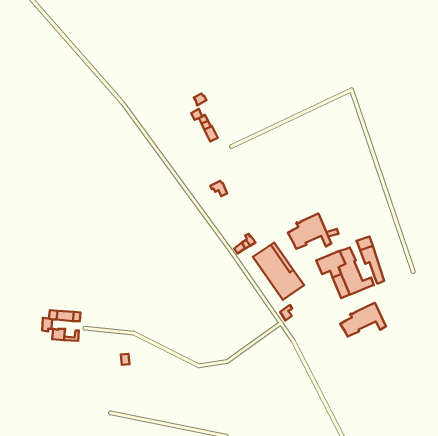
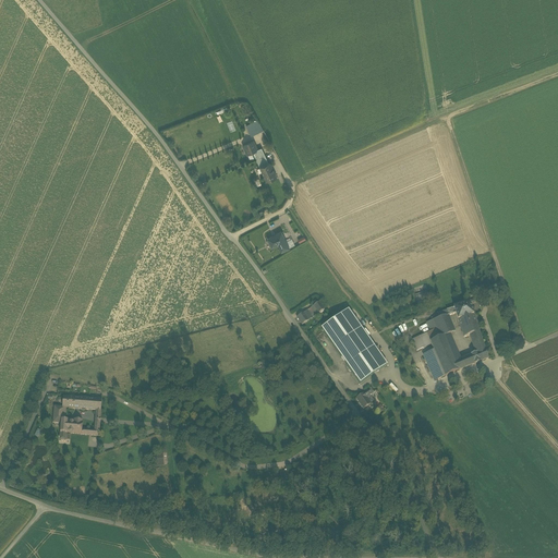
building: [288,213,331,249] -> none
building: [340,303,386,336] -> none

